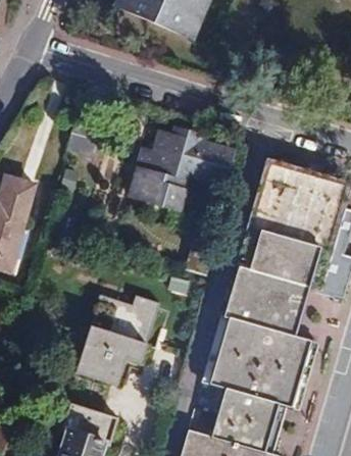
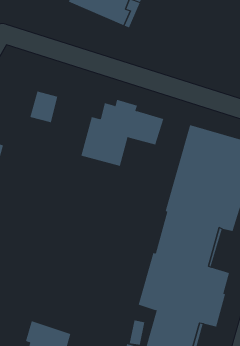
building: [74,296,158,388] -> none

